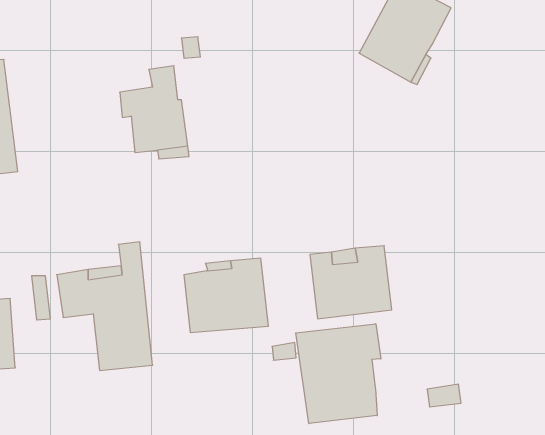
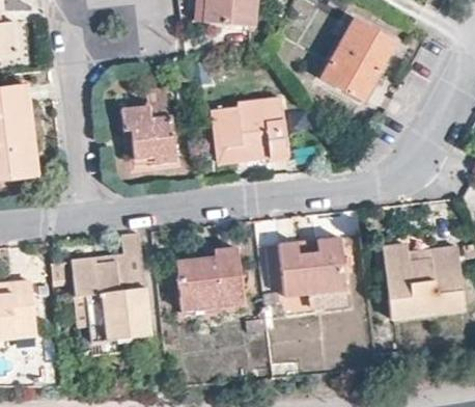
building: none -> [211,97,289,164]
building: none -> [382,245,463,319]
building: [296,324,381,424] -> none

